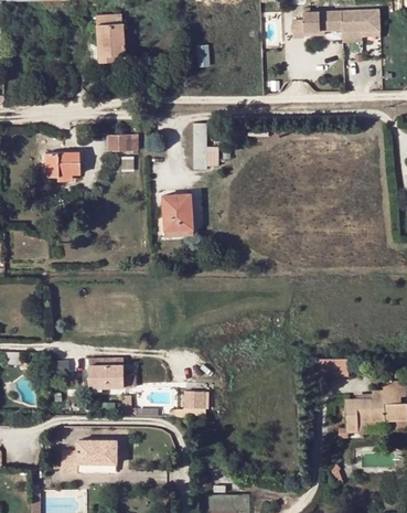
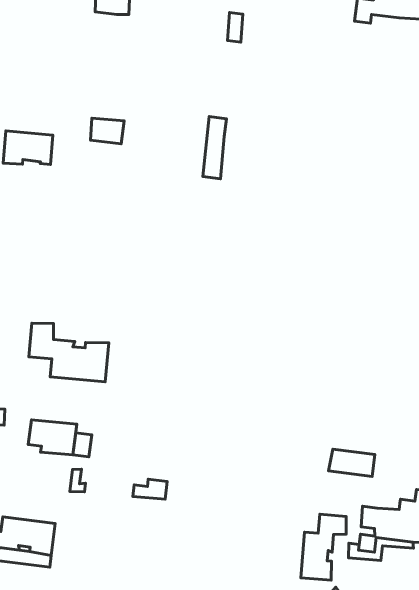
building: [163,194,194,231] -> none
building: none -> [29,323,109,382]
building: none -> [301,514,346,580]

